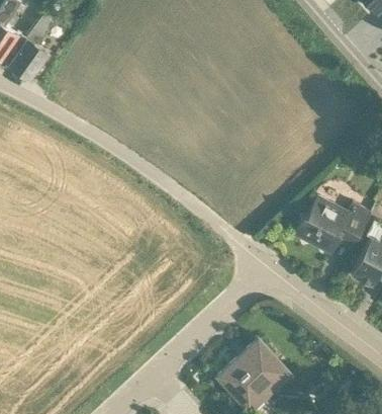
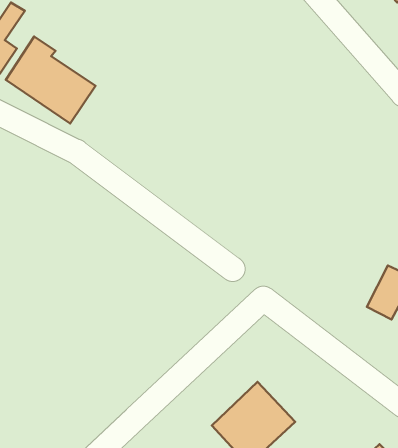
building: none -> [6,37,96,123]
building: [293,197,372,255] -> none

